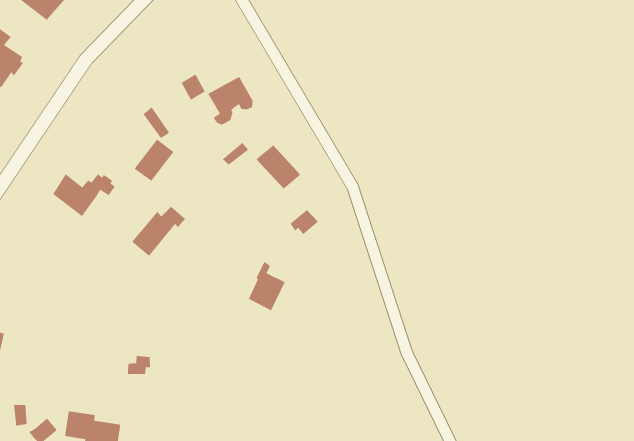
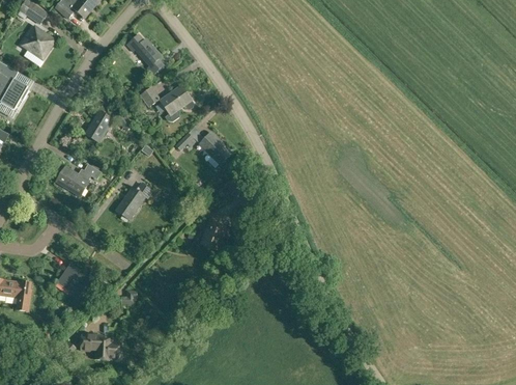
building: none -> [134,38,163,73]
building: [134,139,175,182] -> [84,110,112,141]
building: none -> [56,263,90,297]

